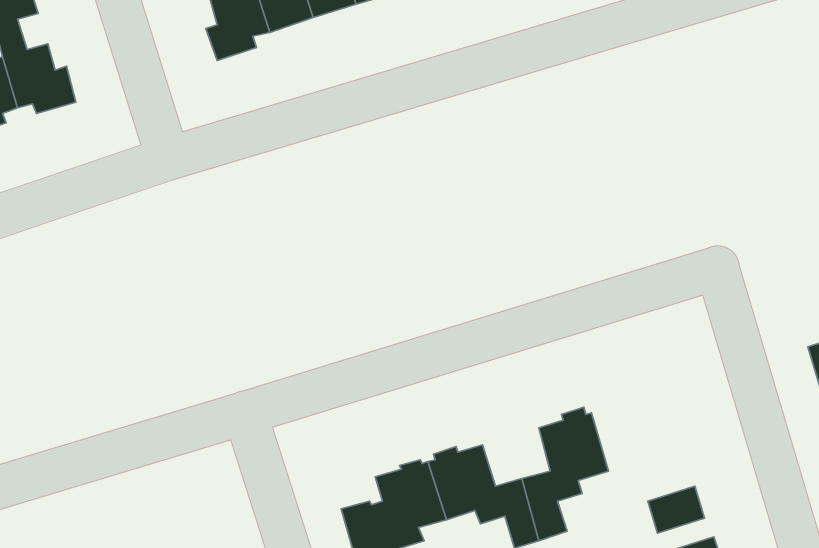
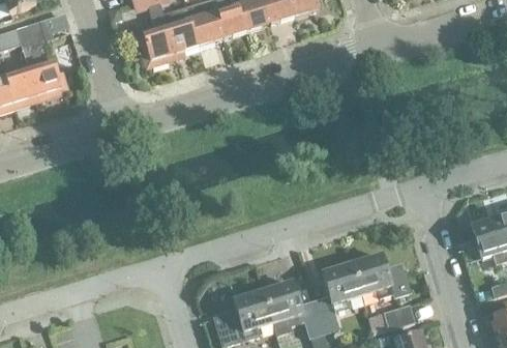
building: none -> [352,253,410,296]

